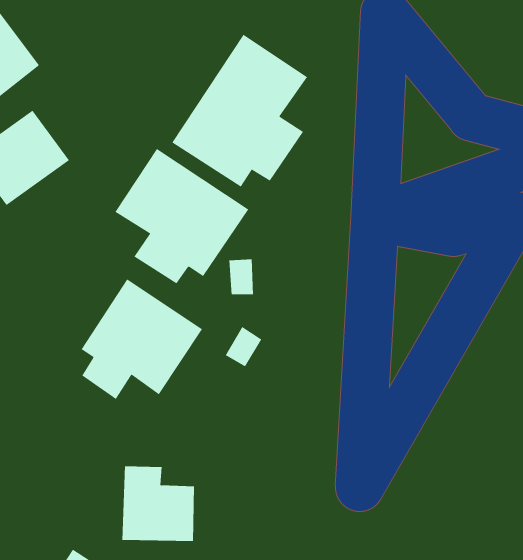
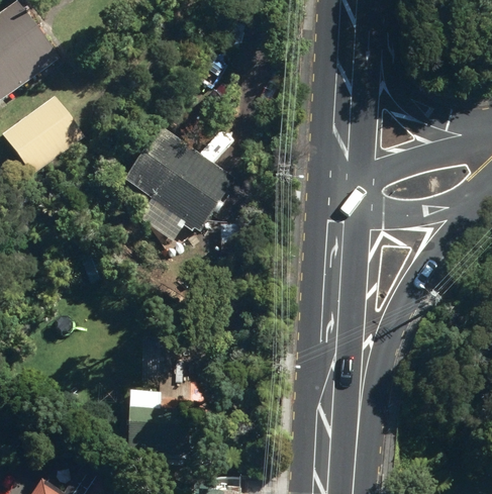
building: [171,34,308,188] -> none
building: [81,279,203,400] -> none

